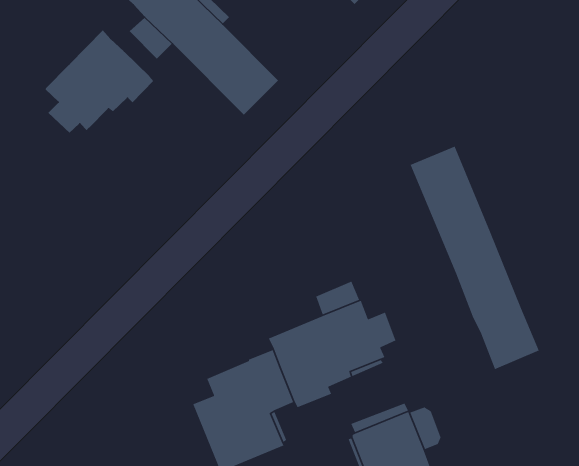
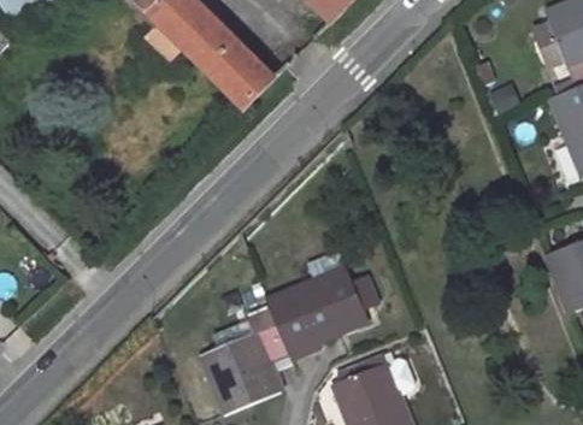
building: [45,30,154,133] -> none
building: [410,145,540,370] -> none

